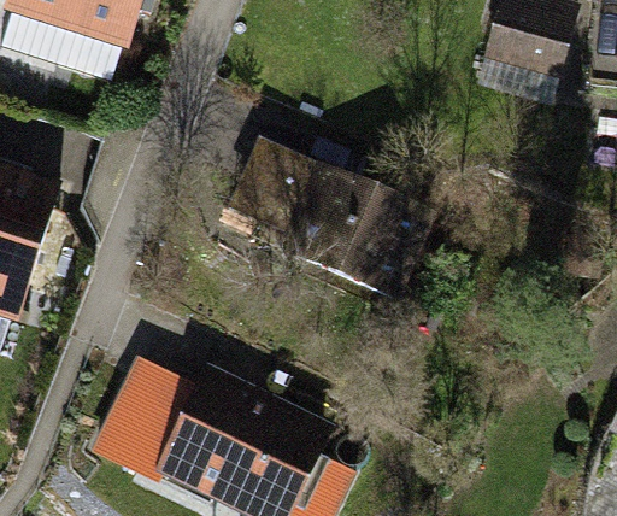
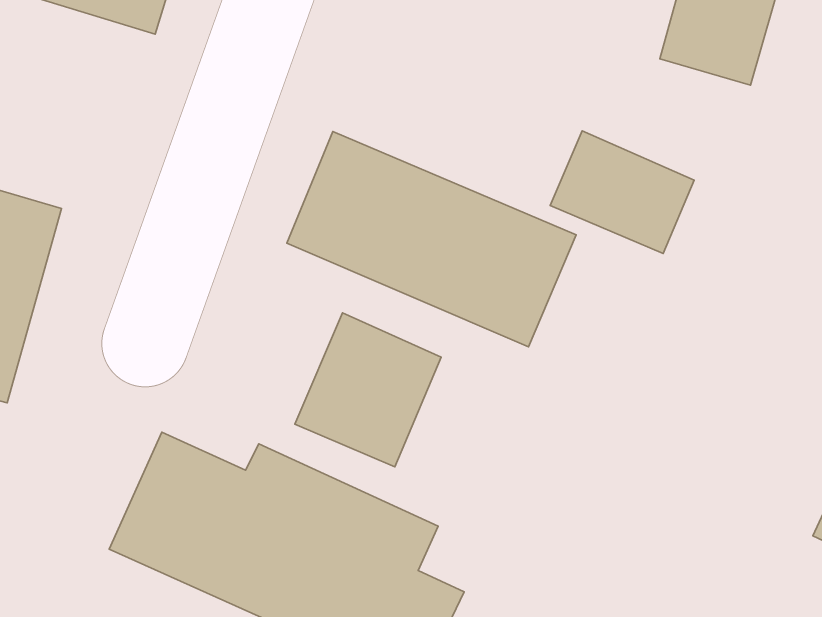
building: none -> [550,131,694,254]
building: none -> [295,313,441,467]

